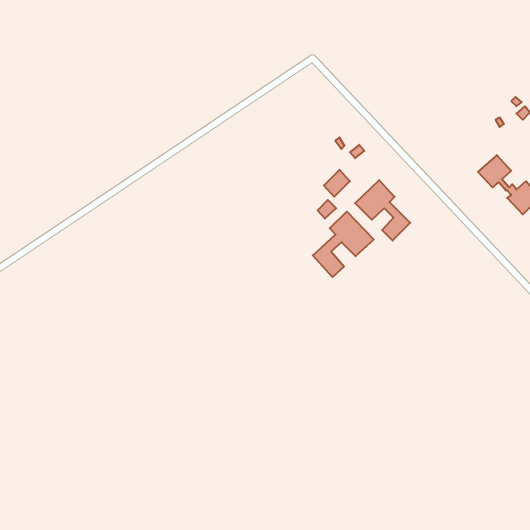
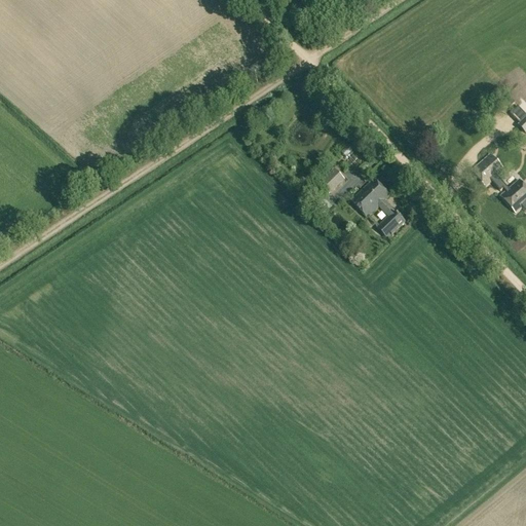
building: [313,212,374,277] -> none

